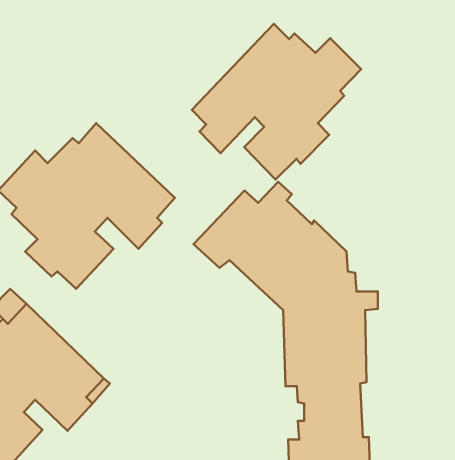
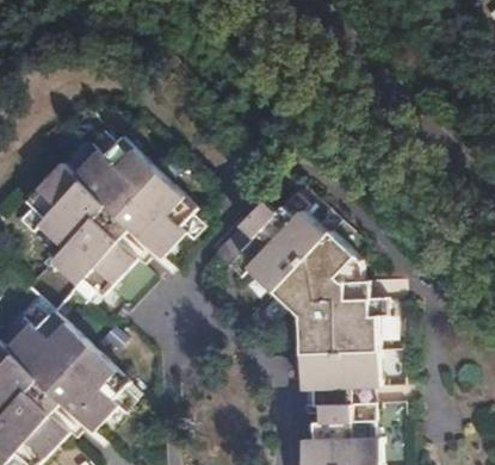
building: [192,24,361,179] -> none

